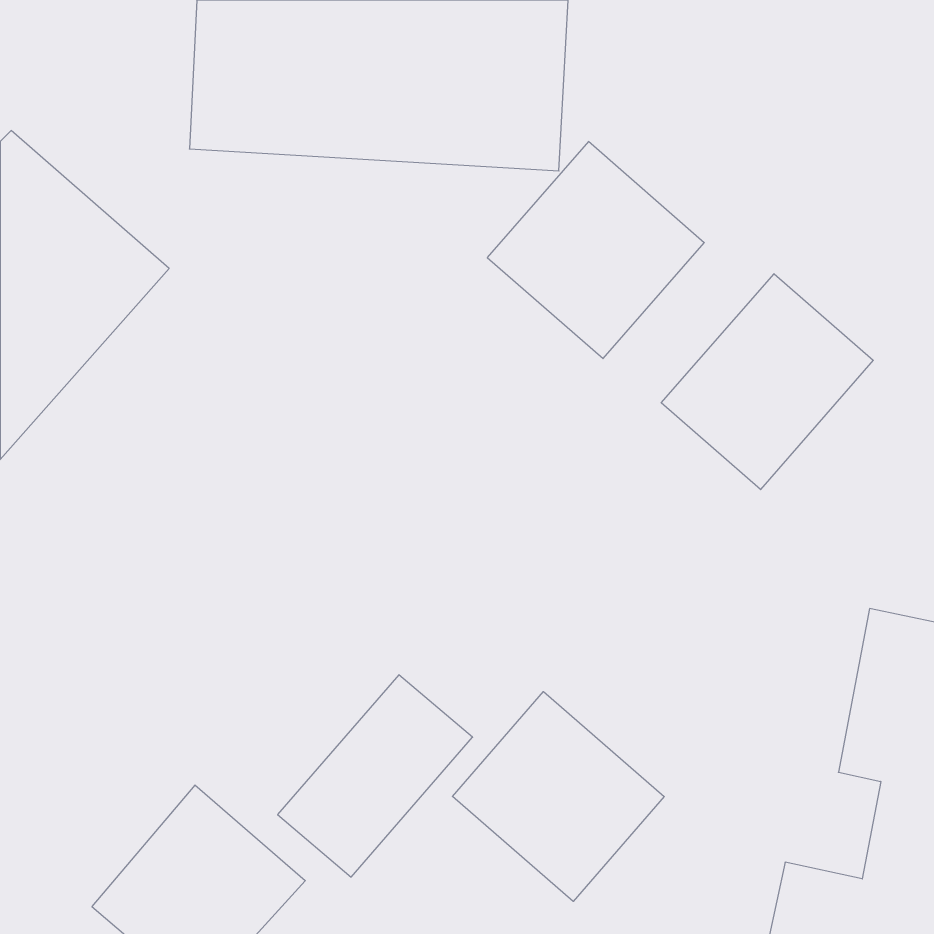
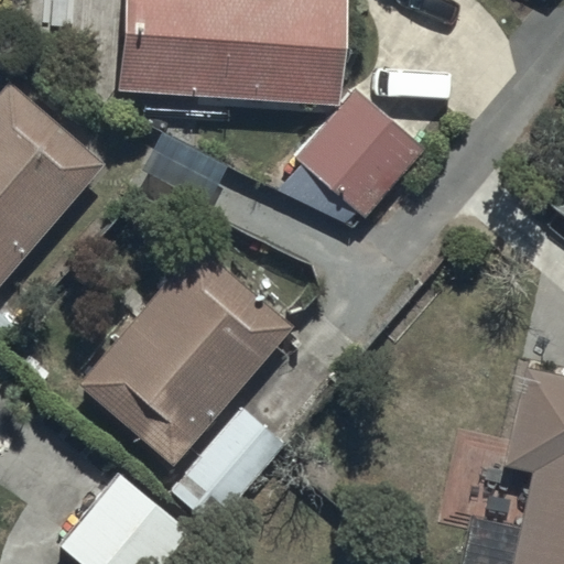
building: [661,274,873,490] -> none
building: none -> [76,246,292,466]
building: [452,692,664,901] -> none

